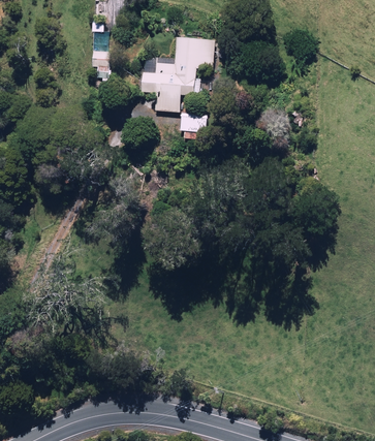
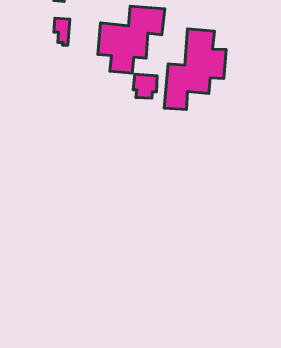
building: none -> [164,29,226,110]

